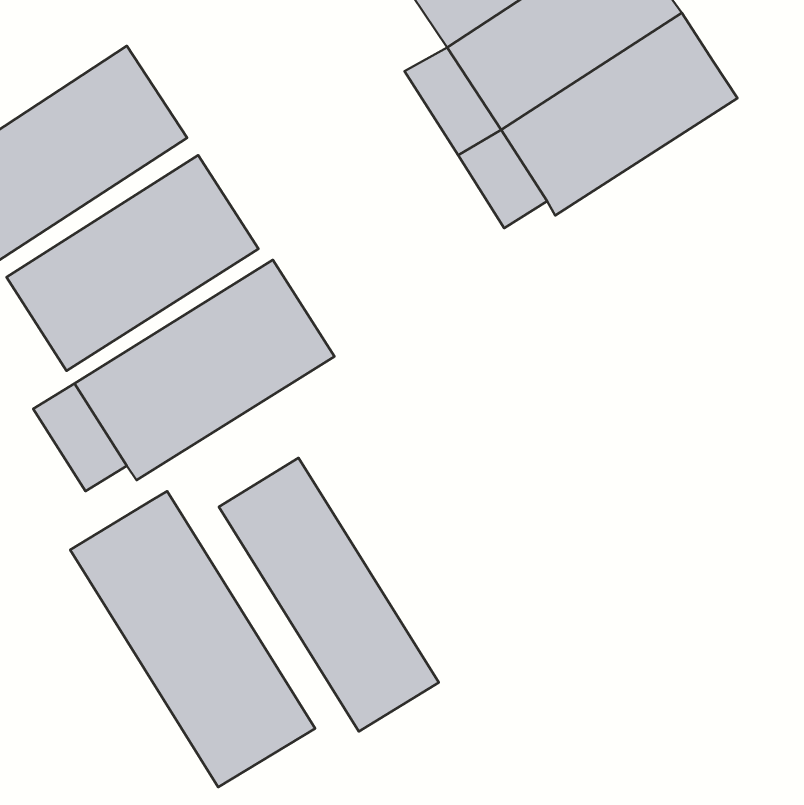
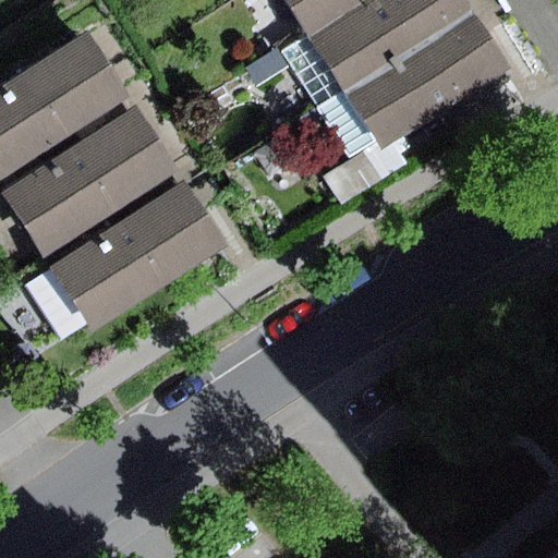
building: [219,458,439,732] -> none
building: [70,491,315,787] -> none

